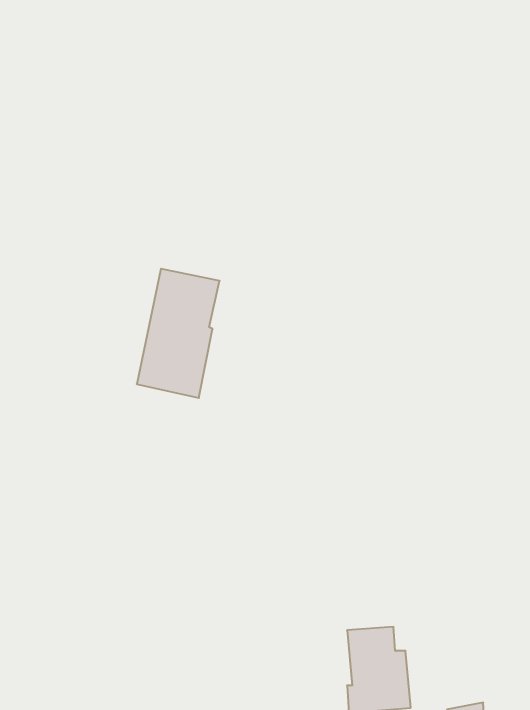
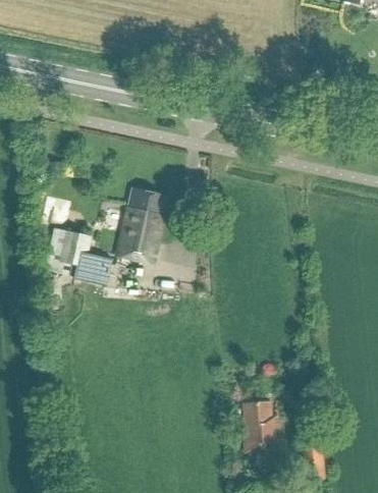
building: none -> [44,225,109,283]

